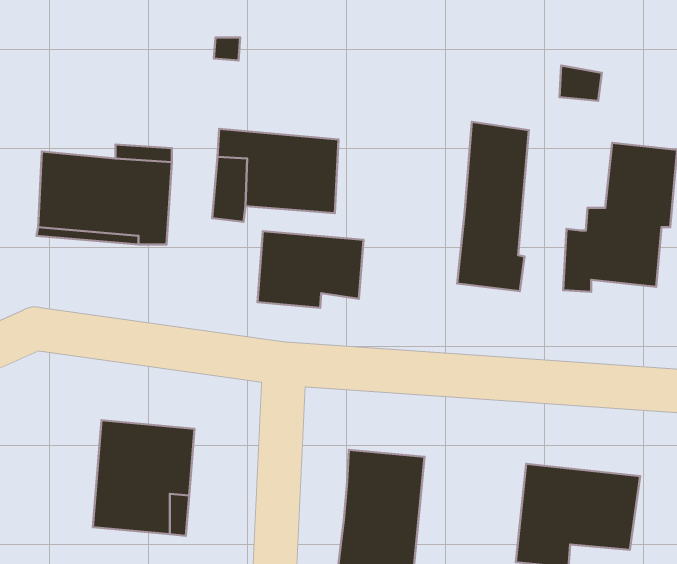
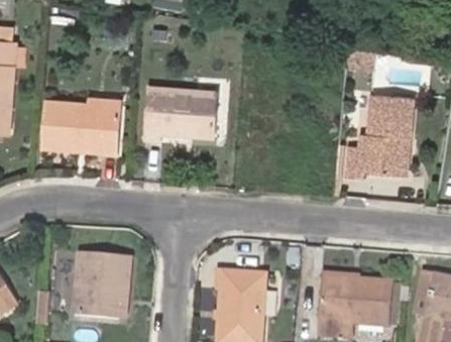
building: [457,122,529,291] -> none
building: [258,231,363,308] -> none

